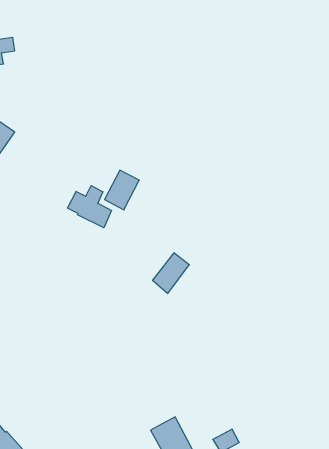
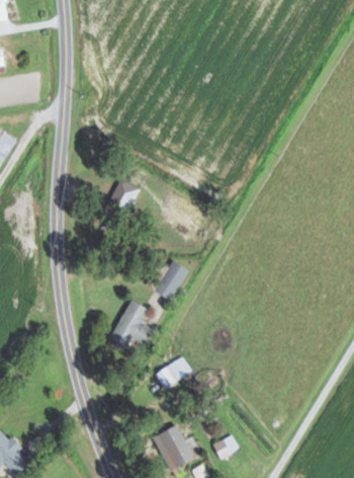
building: [67,186,111,228] -> none
building: none -> [109,300,152,348]
building: none -> [155,355,191,389]

